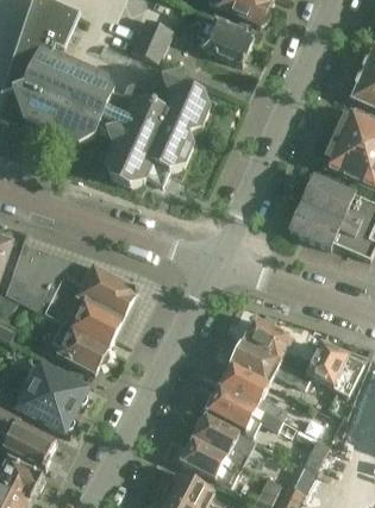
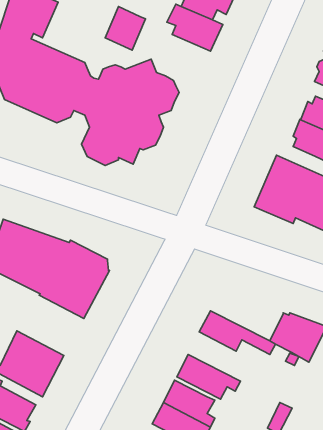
building: [242,316,310,372] -> none
building: [51,324,107,377] -> none
building: [218,363,305,428] -> none

